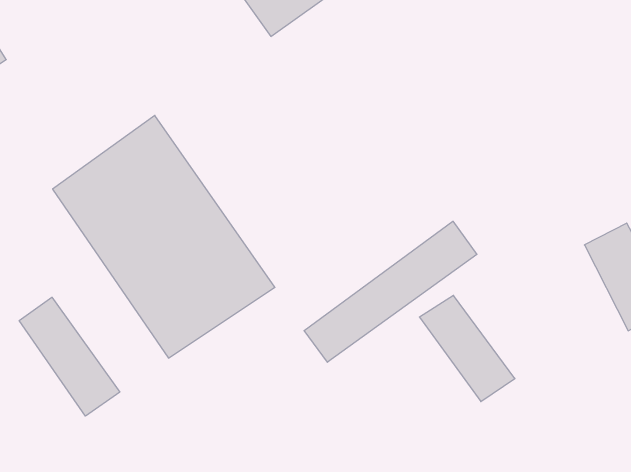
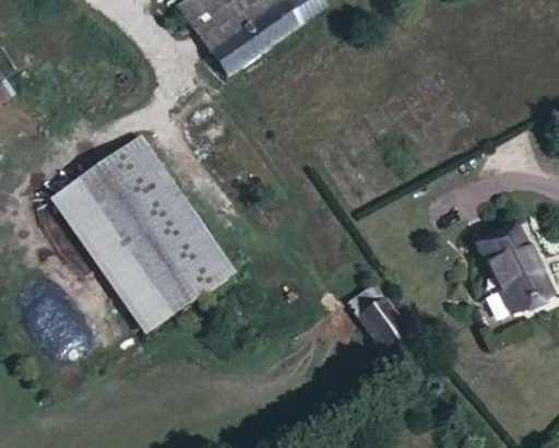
building: [304,221,477,362] -> none
building: [19,297,120,416] -> none

